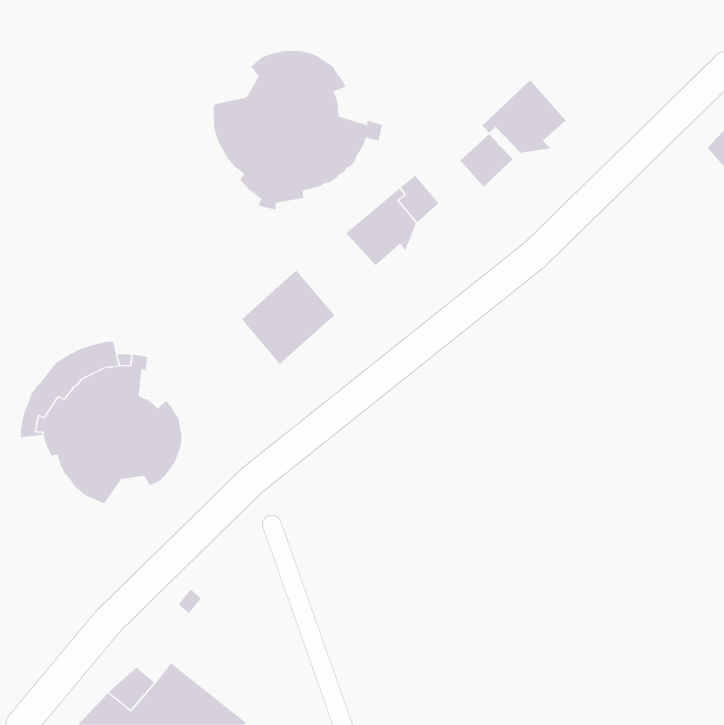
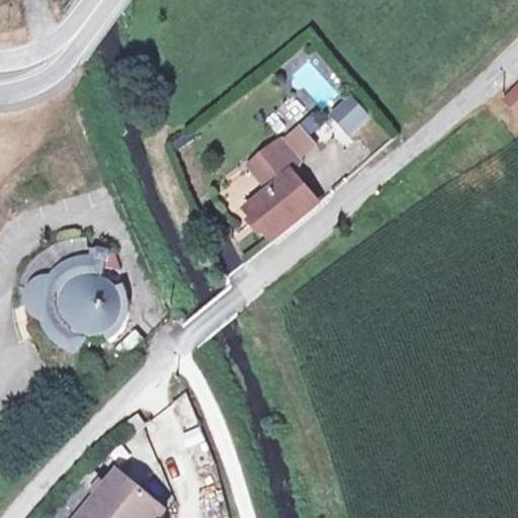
building: [213,50,382,211] -> none
building: [481,80,567,154] -> none
building: [241,270,335,365] -> [247,174,314,242]

